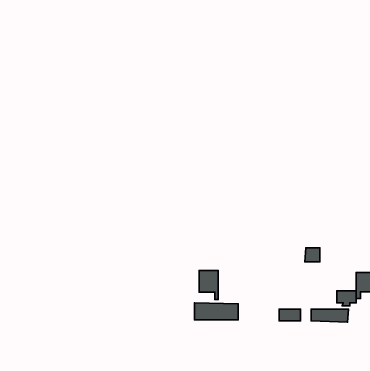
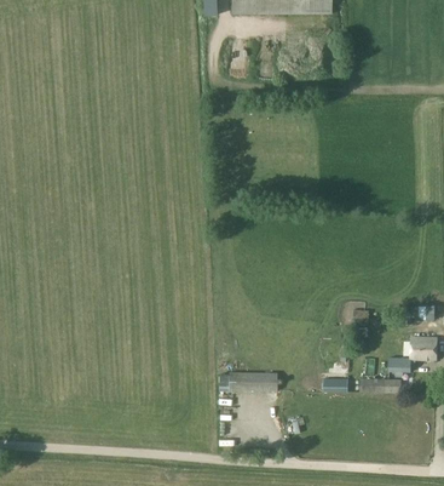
building: [199,270,218,300] -> none

